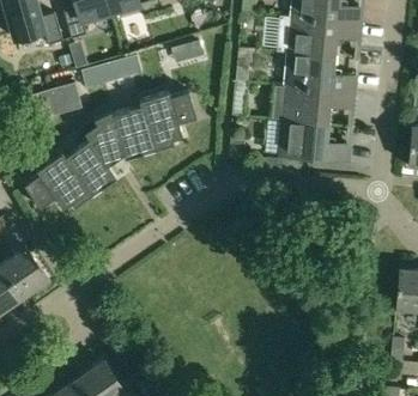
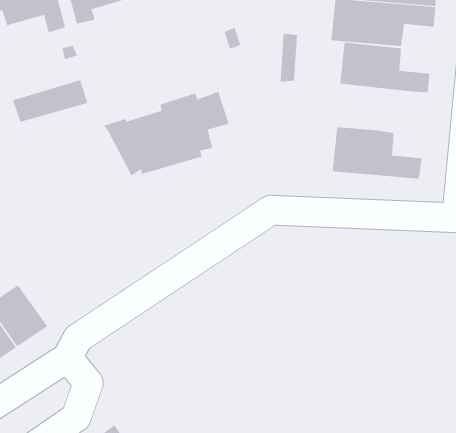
building: [81,55,144,90] -> none
building: [281,86,356,126] -> none
building: [24,124,117,209] -> none

